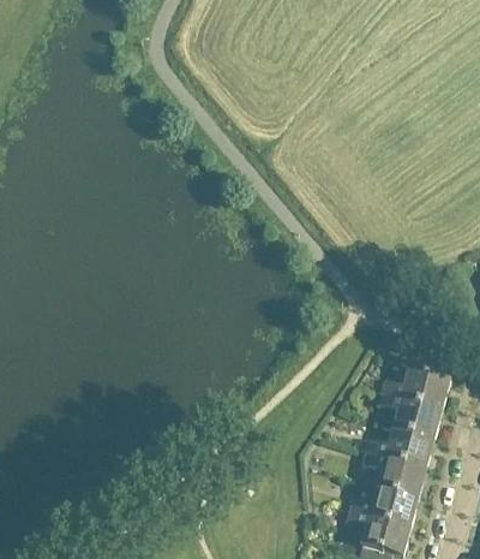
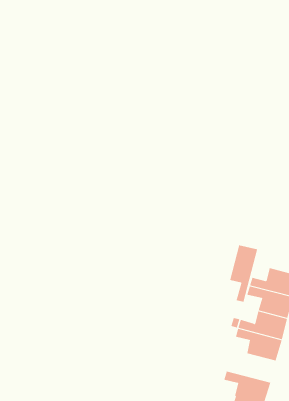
building: none -> [229,245,258,303]
building: [349,488,418,528] -> none

